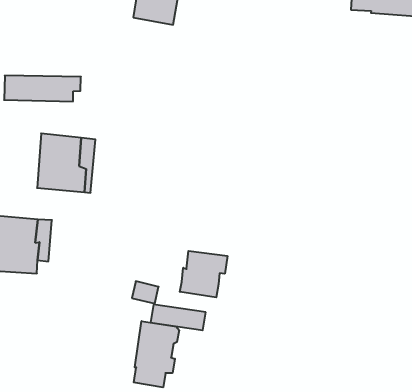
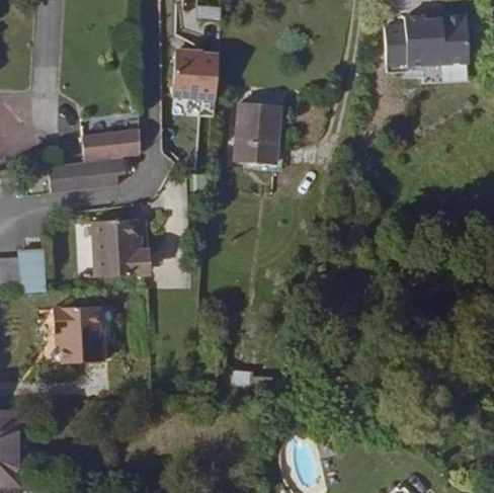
building: none -> [234,102,276,161]
building: none -> [85,136,144,160]
building: [180,251,227,297] -> none
building: [134,321,179,387] -> none

